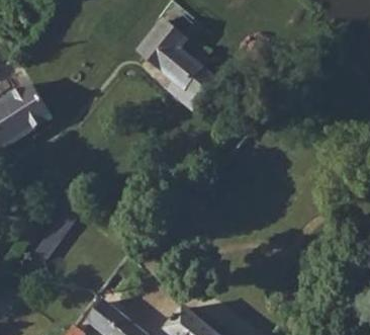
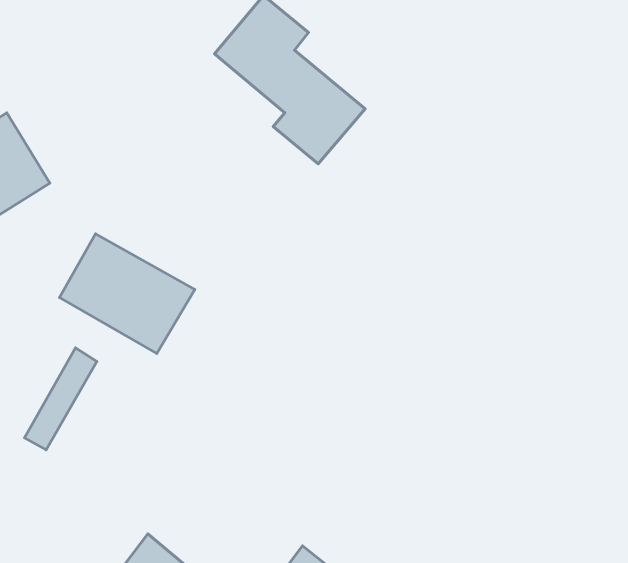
building: none -> [60,234,195,353]

